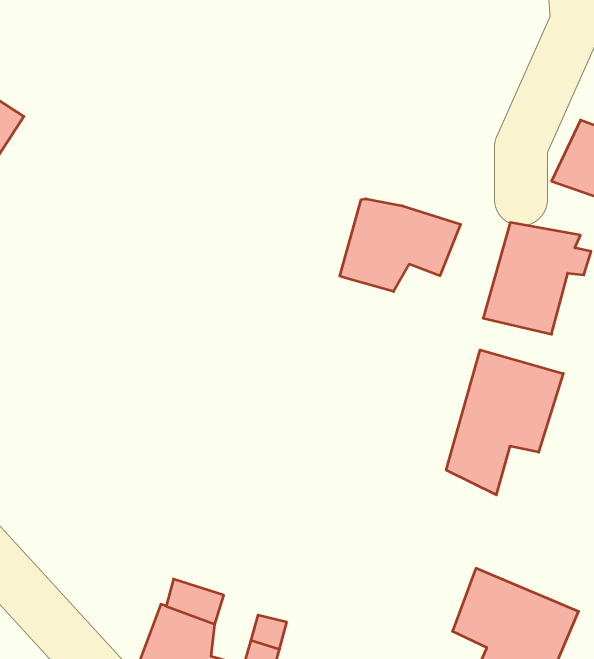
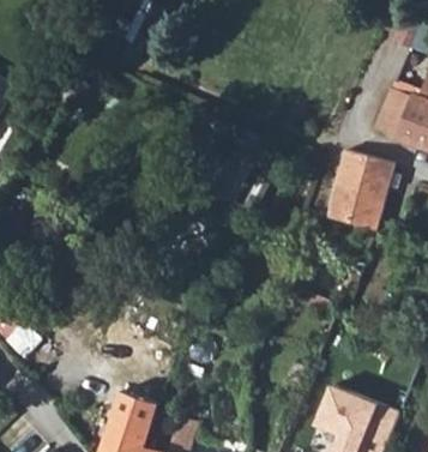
building: [340,199,461,292] -> none
building: [446,350,563,495] -> none

